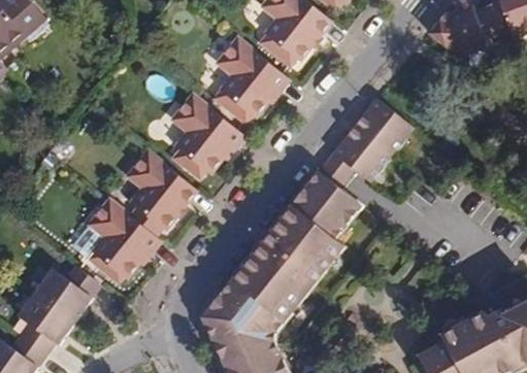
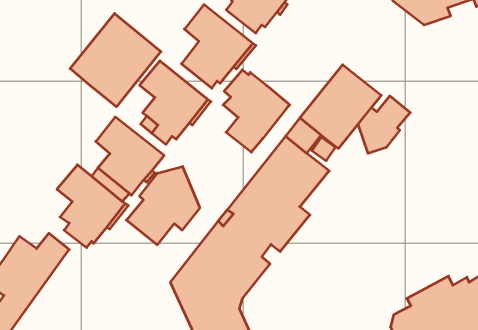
building: none -> [70,13,161,107]
building: none -> [223,70,290,152]
building: none -> [358,96,410,153]
building: none -> [126,166,200,245]

